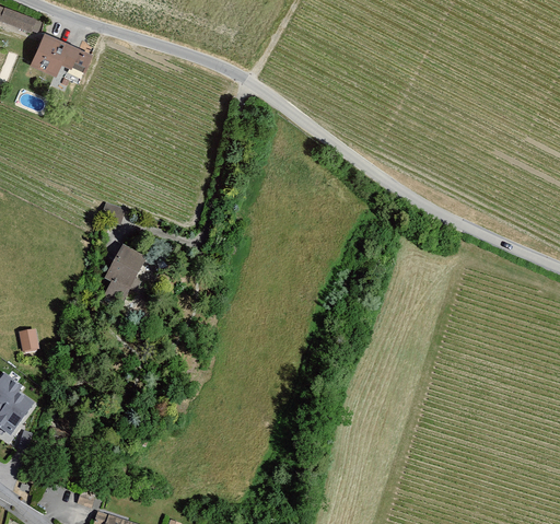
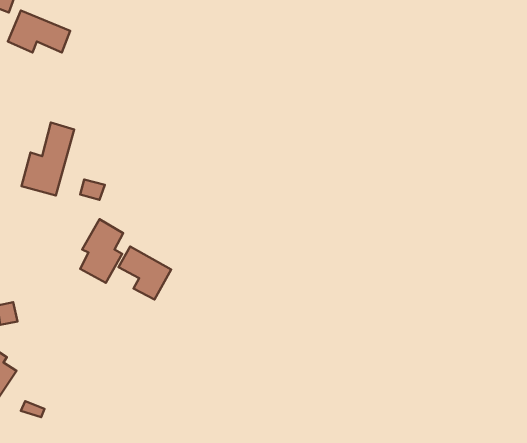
building: none -> [22,123,74,196]
building: none -> [118,247,171,299]

